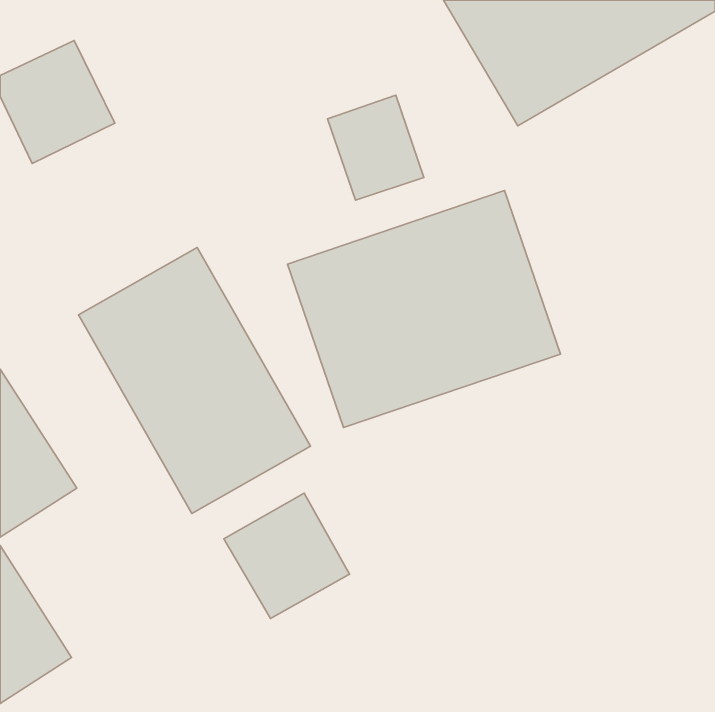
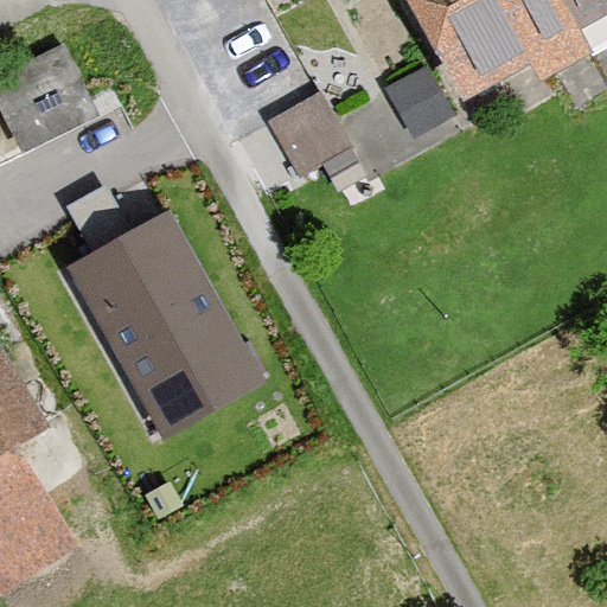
building: [287,190,561,428] -> none
building: [224,493,350,619] -> none

